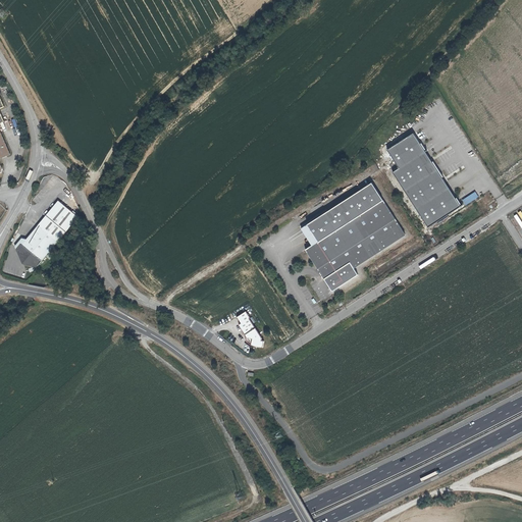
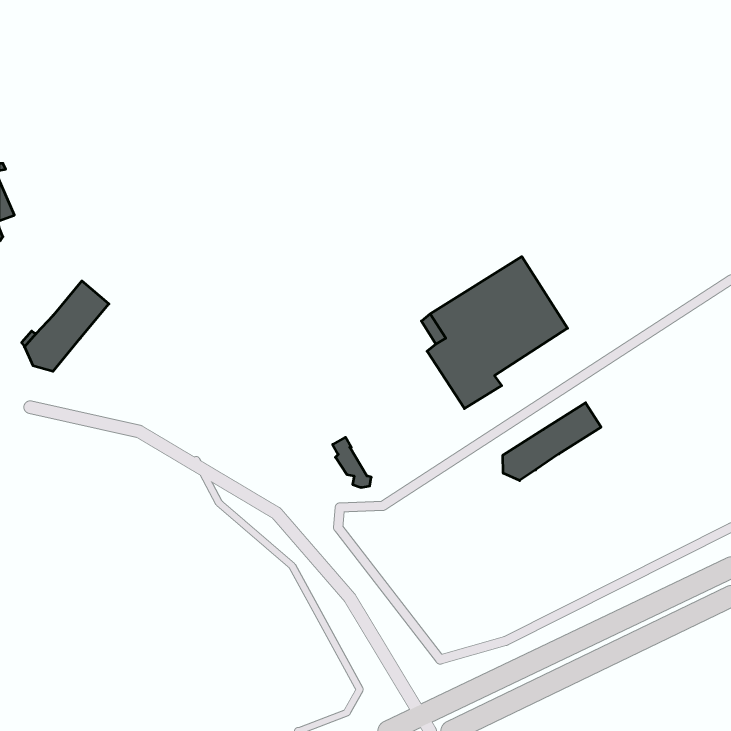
building: [385,132,460,226] -> none
building: none -> [503,403,601,481]

